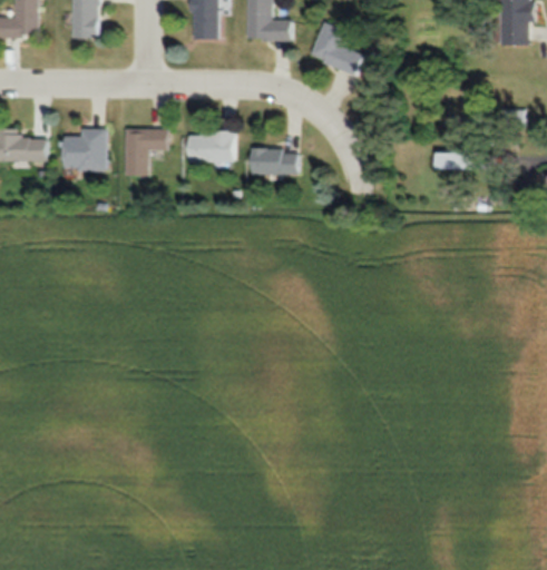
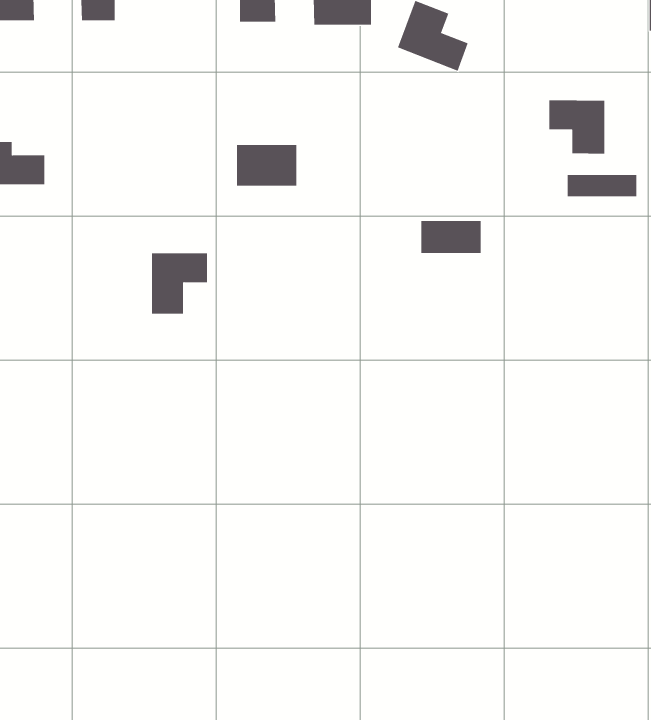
building: none -> [549,99,605,154]
building: [64,127,107,169] -> none
building: [126,128,168,174] -> [151,253,208,314]
building: [252,148,297,173] -> [420,221,482,253]

